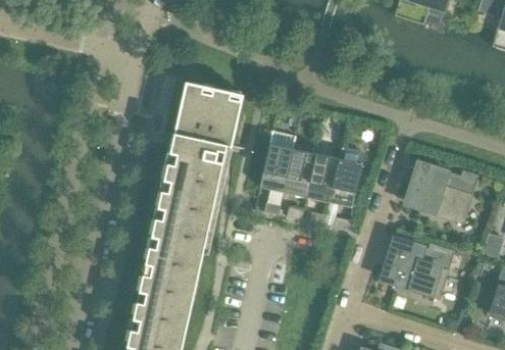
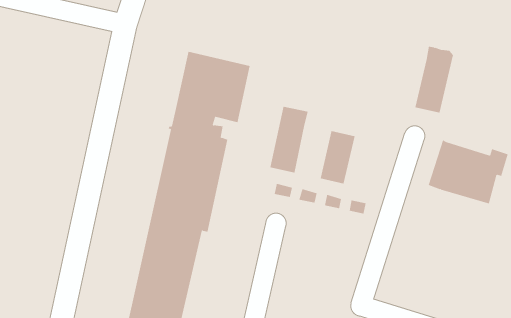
building: [330,146,365,207] -> [415,46,454,113]
building: [285,148,317,197] -> none
building: [382,238,456,297] -> none

